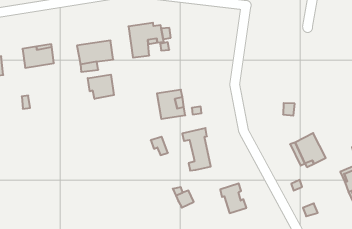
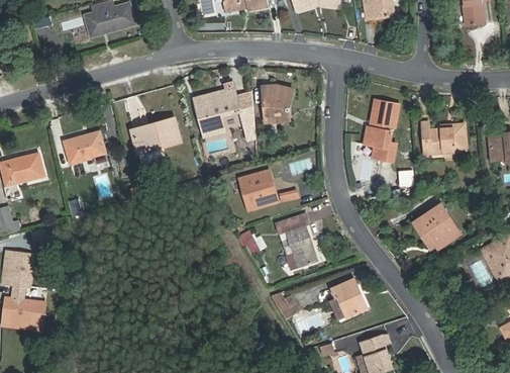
building: none -> [263,85,291,119]
building: none -> [363,98,398,161]
building: none -> [419,121,465,152]
building: [88,75,114,99] -> none

